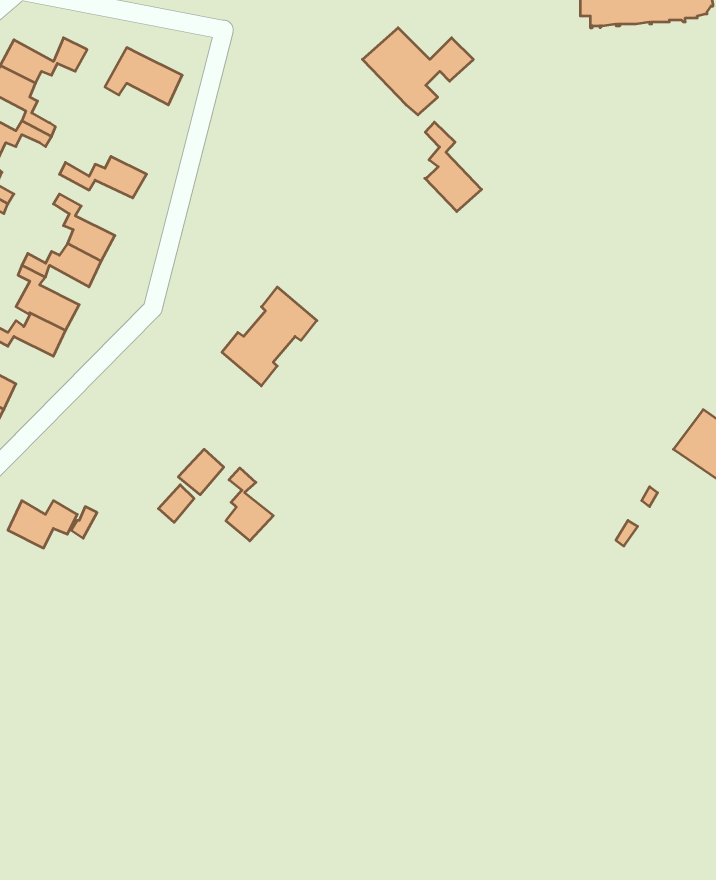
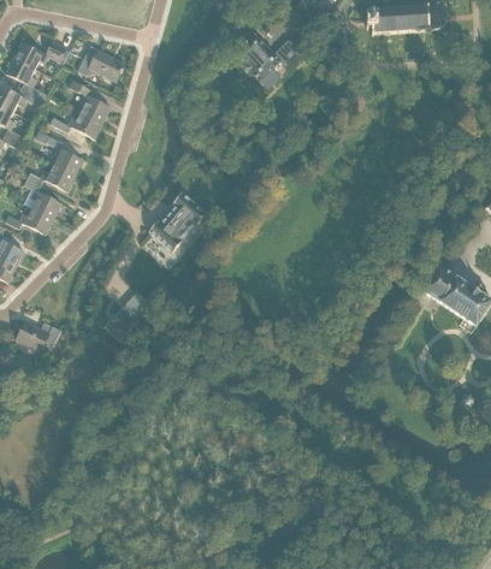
building: none -> [69,79,110,123]
building: [425,122,482,212] -> none
building: [226,468,273,541] -> none

